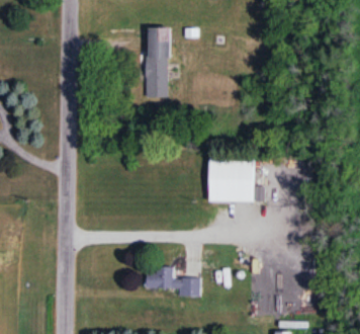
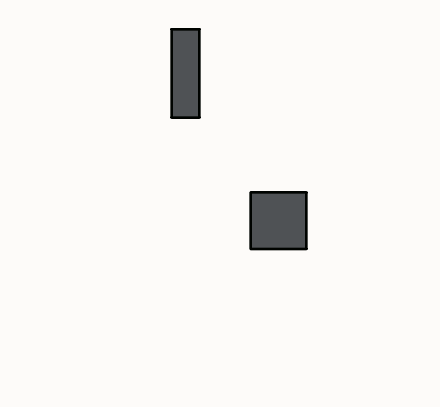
building: [147,268,200,297] -> none

